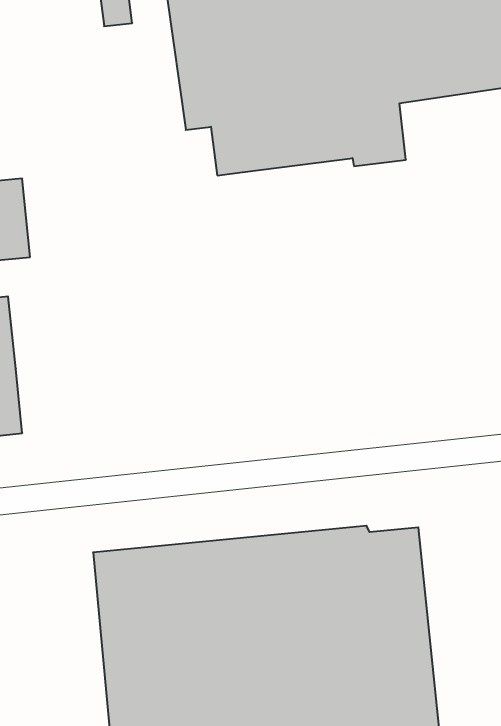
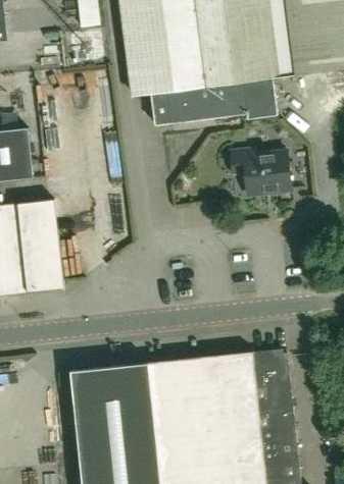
building: none -> [229,148,290,193]
building: none -> [17,199,62,291]

